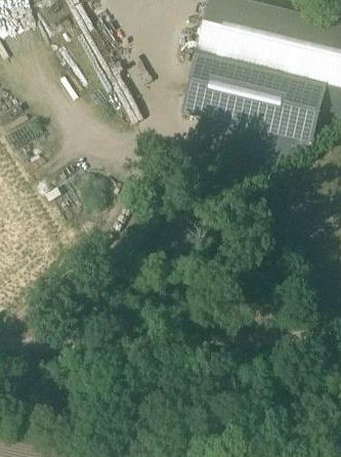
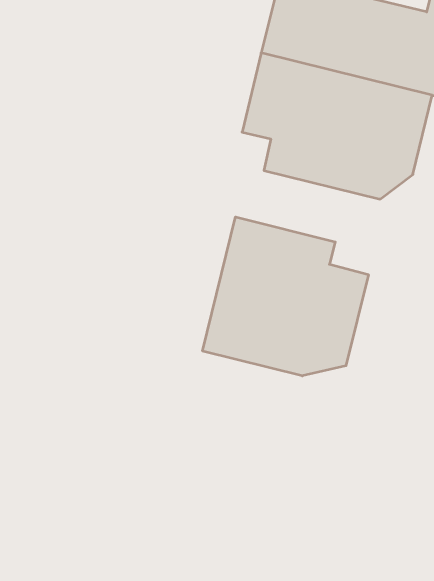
building: none -> [203,217,368,376]

